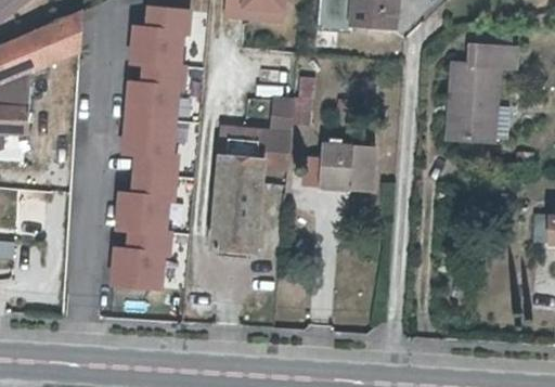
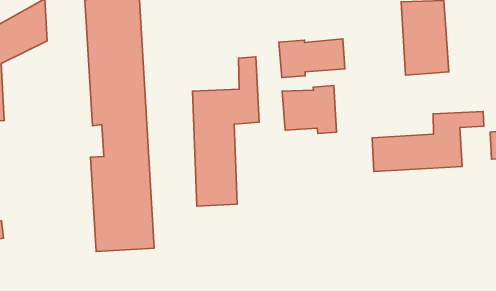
building: none -> [279,39,345,77]
building: none -> [372,111,484,171]

